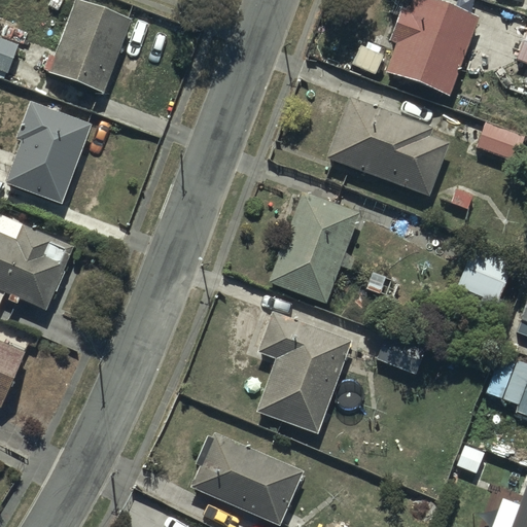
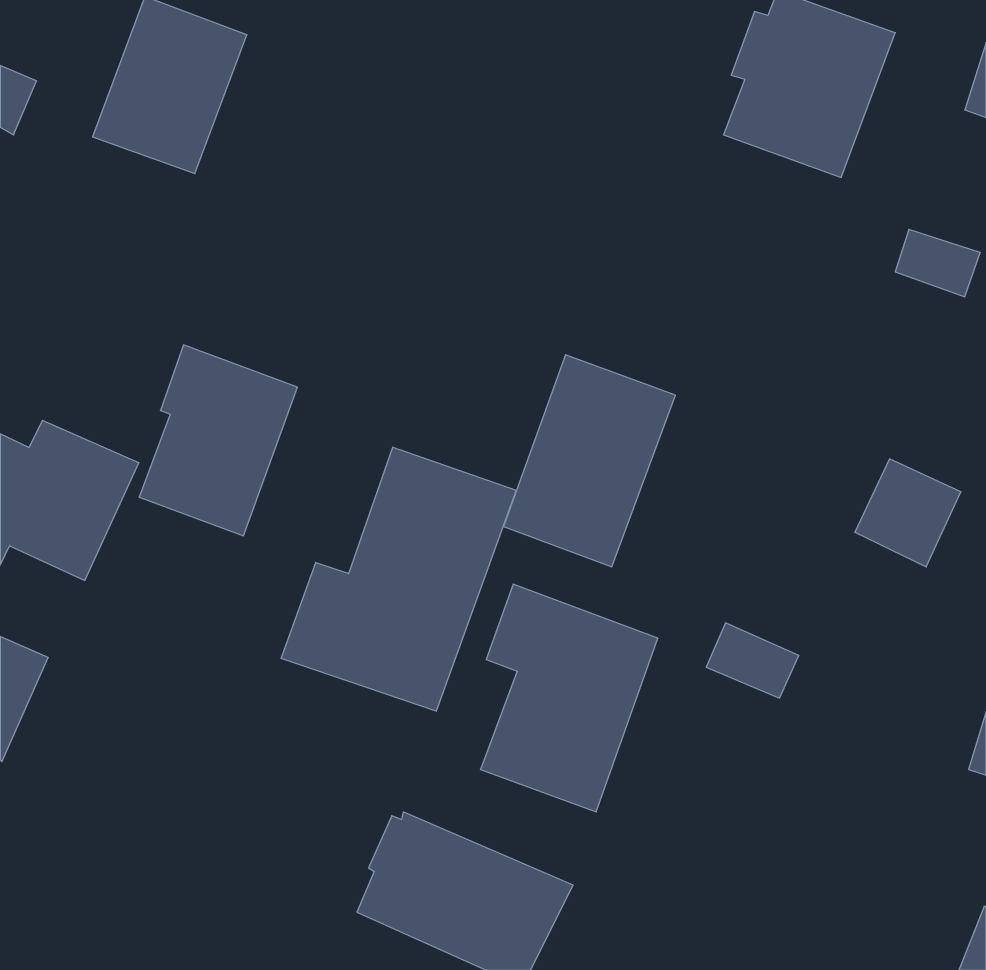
building: [326,95,449,197] -> none
building: [6,101,91,203] -> [139,345,297,536]
building: none -> [281,447,516,711]

